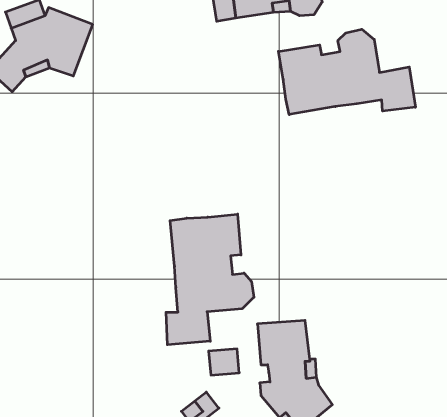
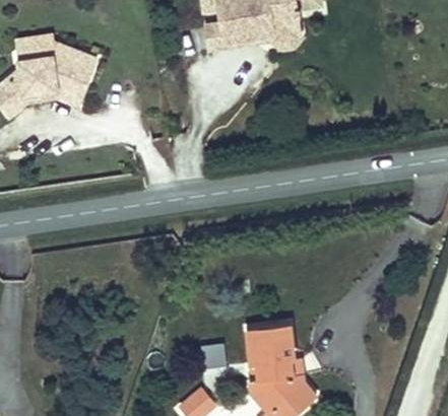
building: [278,29,415,115] -> none
building: [166,214,254,345] -> none

